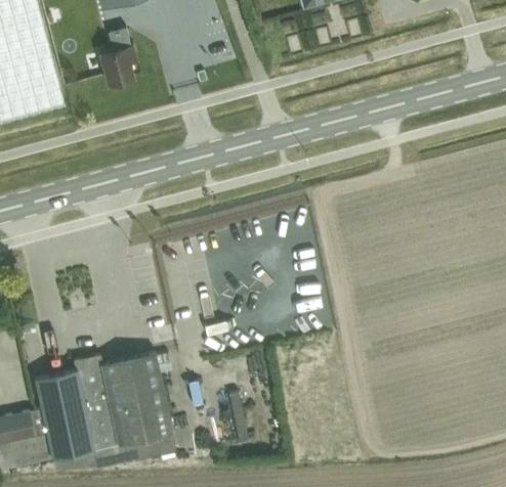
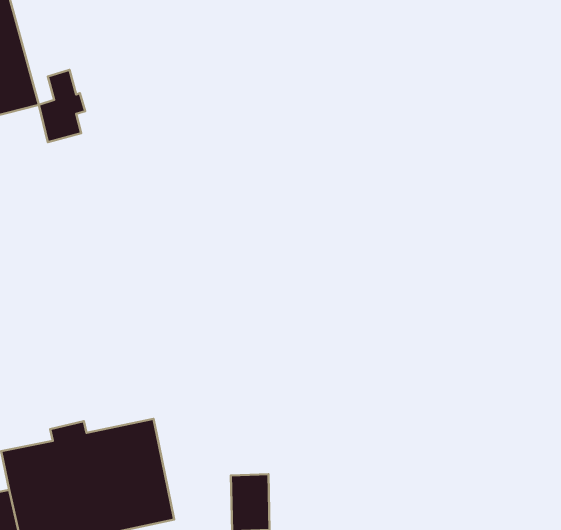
building: [100,29,137,86] -> [39,70,85,142]

